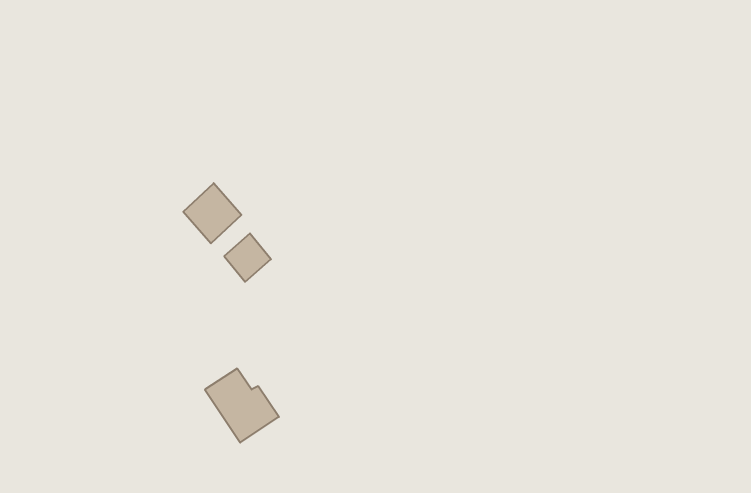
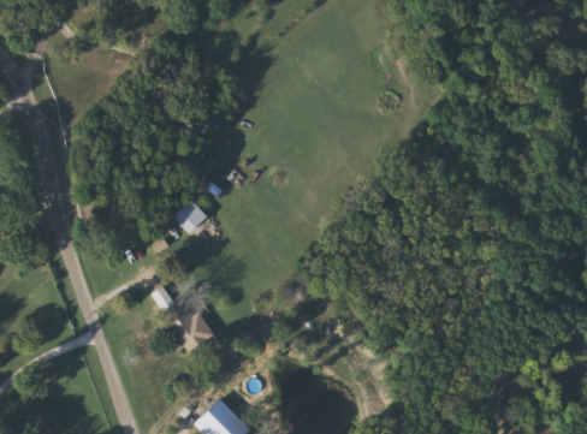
building: [183,183,241,243] -> none

